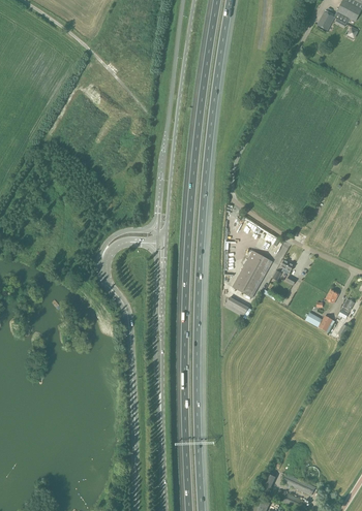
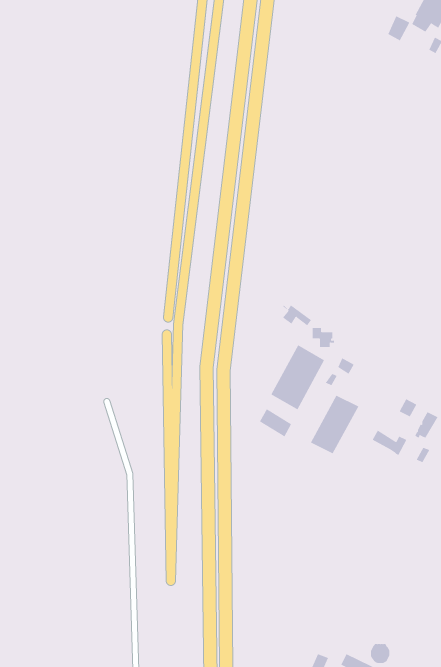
building: none -> [310,395,359,454]

